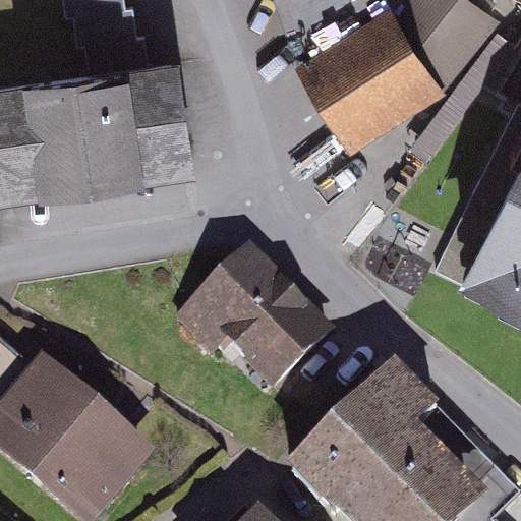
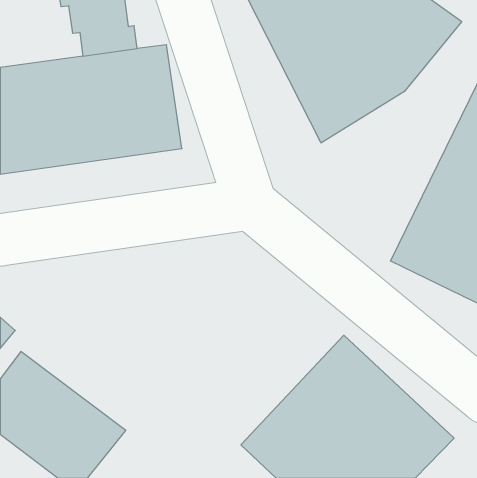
building: [192,254,336,398] -> none

